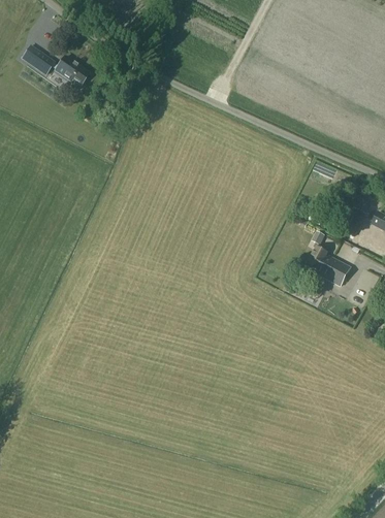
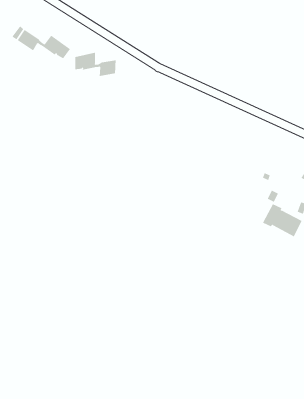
building: none -> [75,52,116,77]

